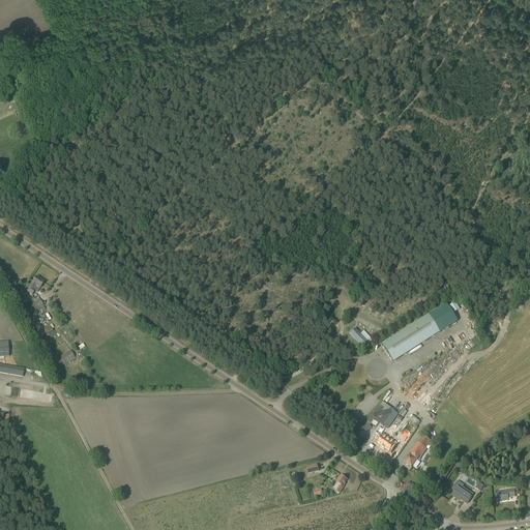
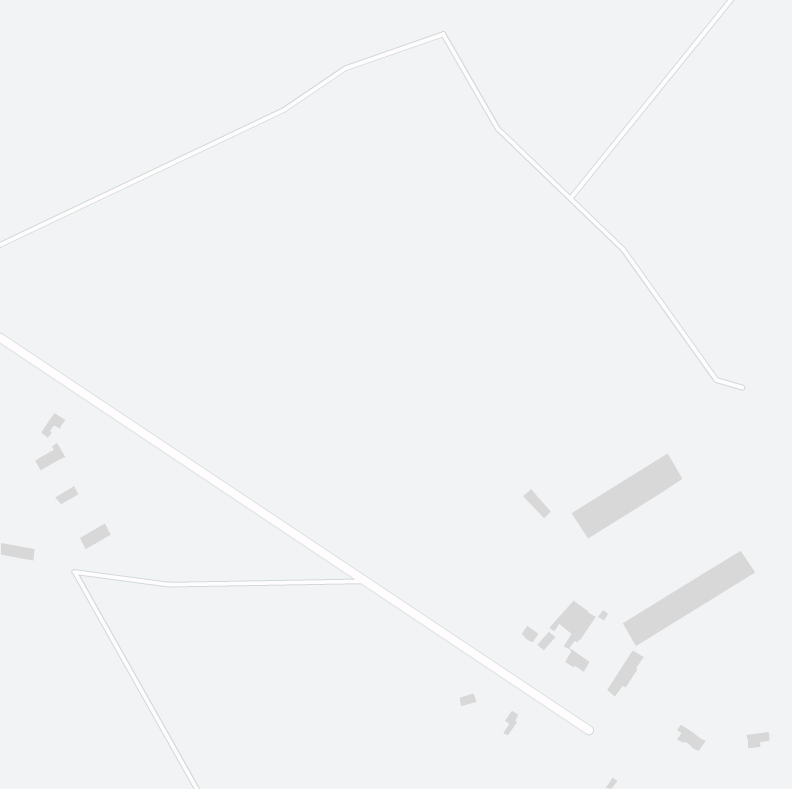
building: none -> [622,550,756,647]

